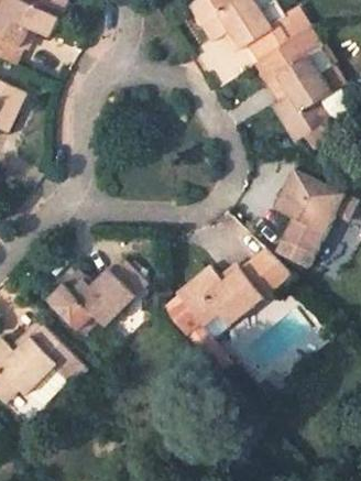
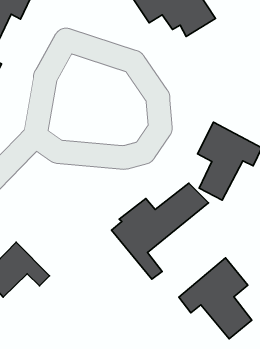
building: [251,29,340,142] -> none
building: [48,256,145,330] -> none
building: none -> [179,258,252,339]

